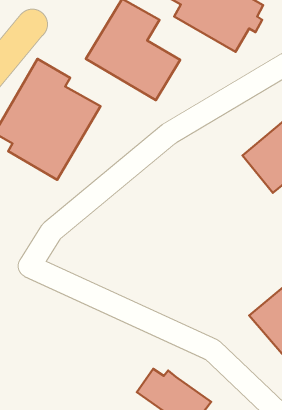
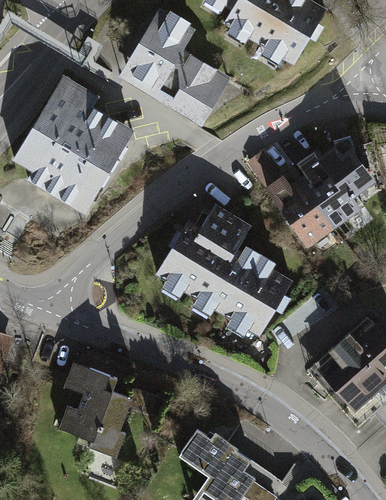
building: none -> [265,172,336,248]
building: none -> [150,203,284,334]
building: none -> [70,360,132,450]

